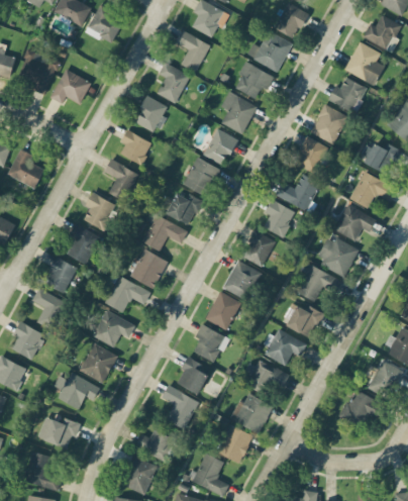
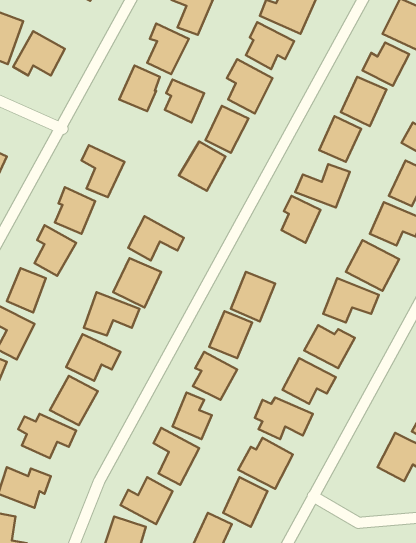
building: [120,130,151,165] -> [165,79,204,122]
building: [167,193,201,225] -> none
building: [242,230,276,267] -> none

